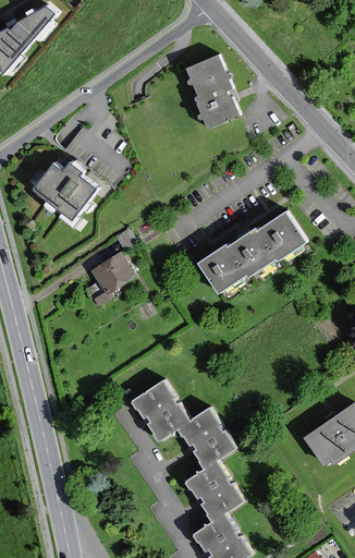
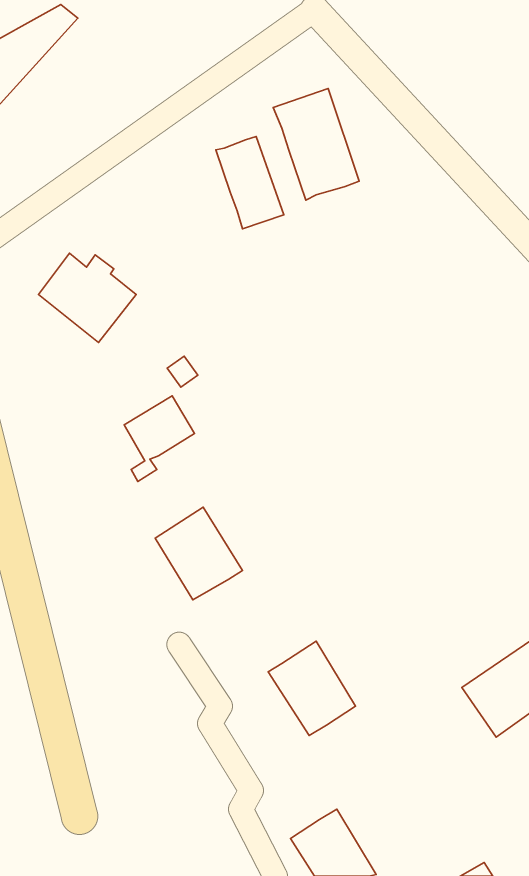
building: none -> [216,136,284,229]
building: [195,208,304,295] -> none
building: [134,381,189,440] -> [155,507,243,600]
building: [185,461,241,521] -> none

